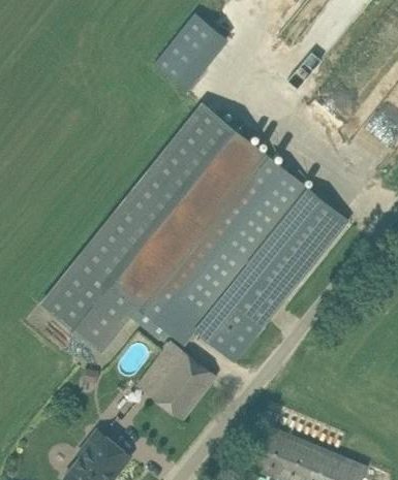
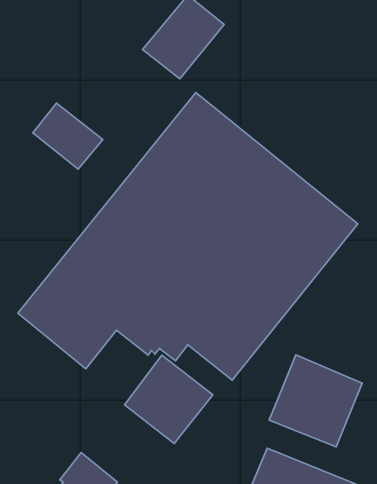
building: none -> [33,103,103,169]
building: none -> [269,355,362,447]

